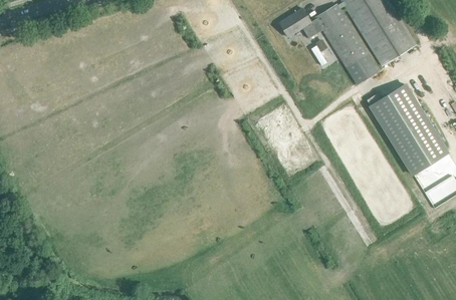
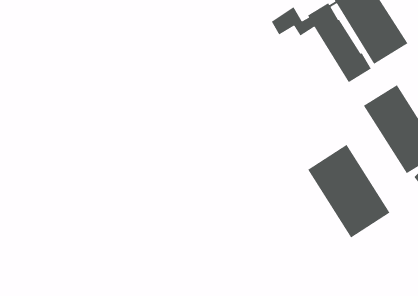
building: none -> [307,144,390,238]

